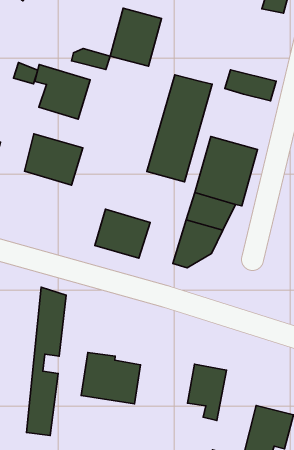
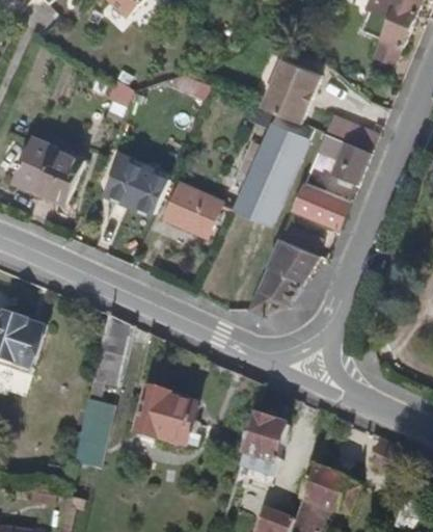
building: [110,8,162,66] -> [262,59,320,123]
building: [35,64,90,119] -> none
building: none -> [330,141,370,181]
building: [95,209,150,258] -> [164,181,224,236]

